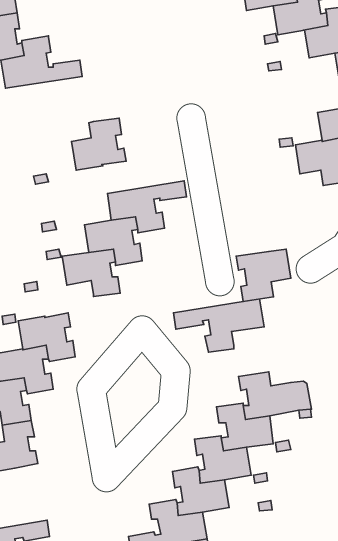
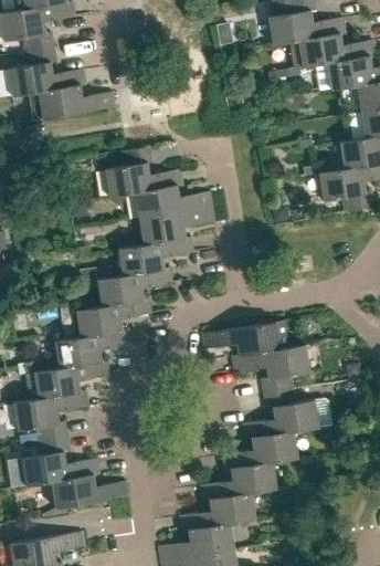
building: none -> [134,170,212,220]
building: [236,249,291,301] -> [257,345,309,395]
building: none -> [75,303,130,349]
building: none -> [51,459,128,509]

